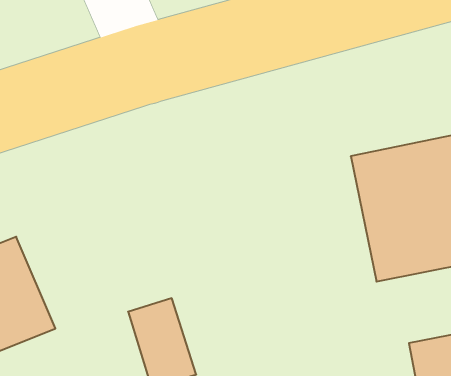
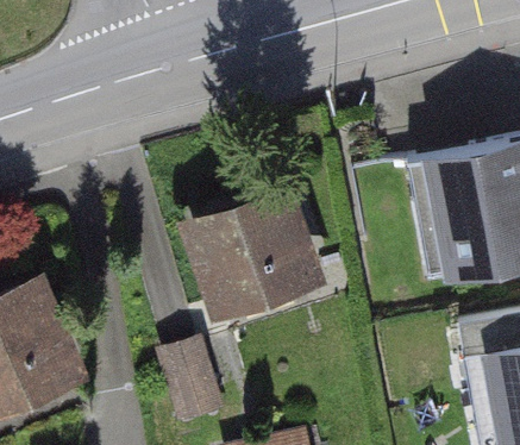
building: none -> [182,167,332,311]

